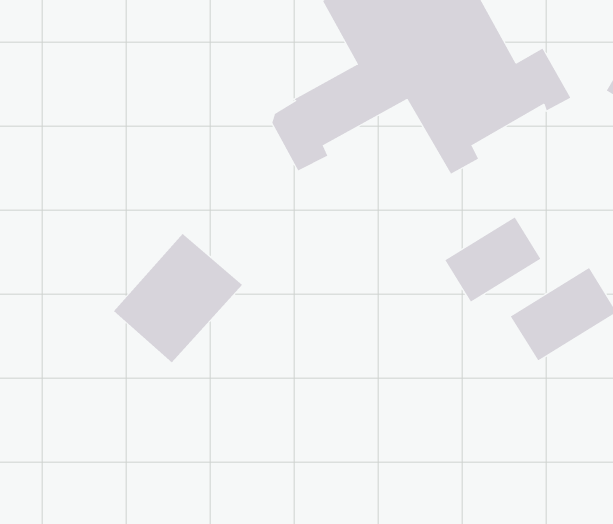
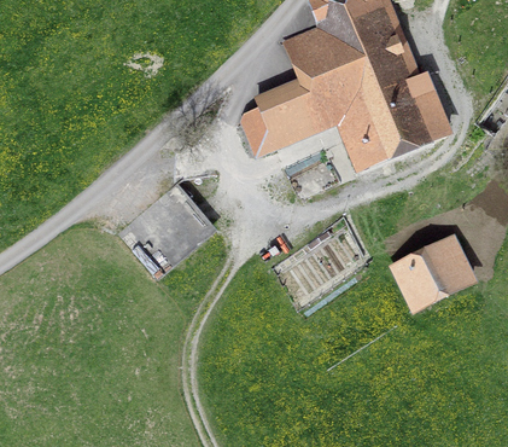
building: [445,216,541,303] -> none

